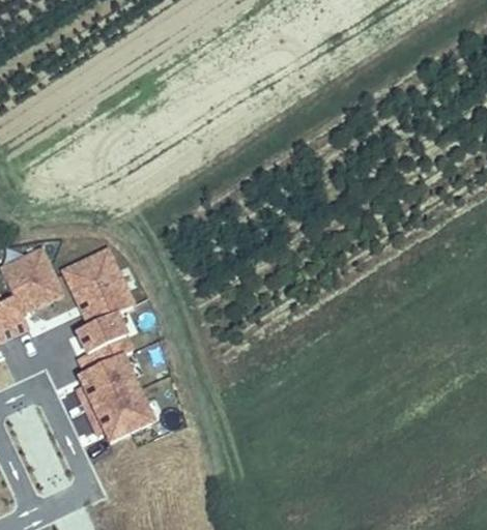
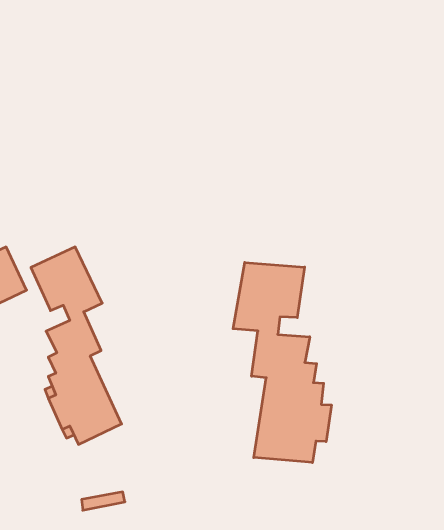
building: none -> [233,262,331,463]

